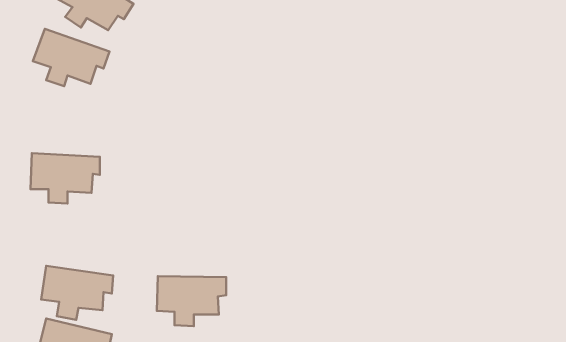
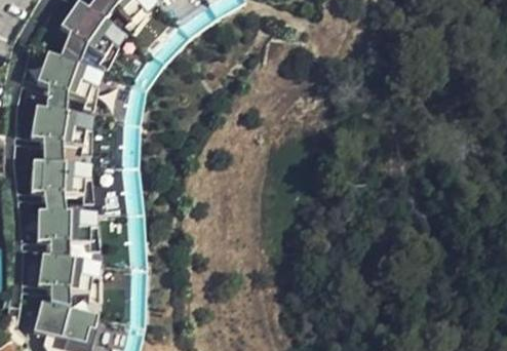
building: none -> [32,103,94,148]
building: [157,276,226,326] -> [41,204,101,247]

